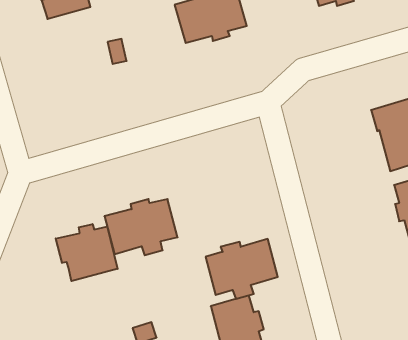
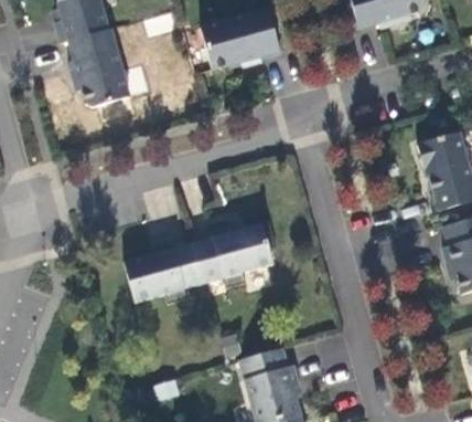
building: none -> [68,30,130,107]
building: [56,224,118,281] -> none
building: [206,239,278,299] -> [193,222,272,288]

